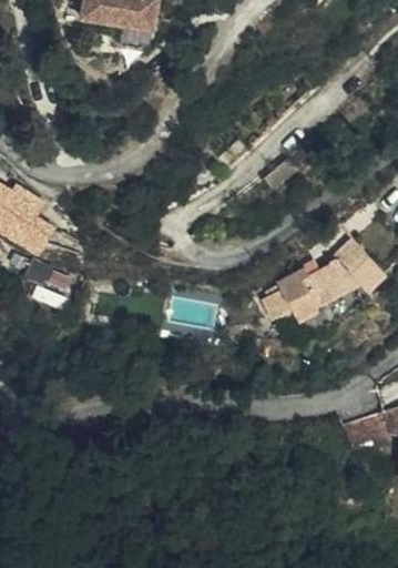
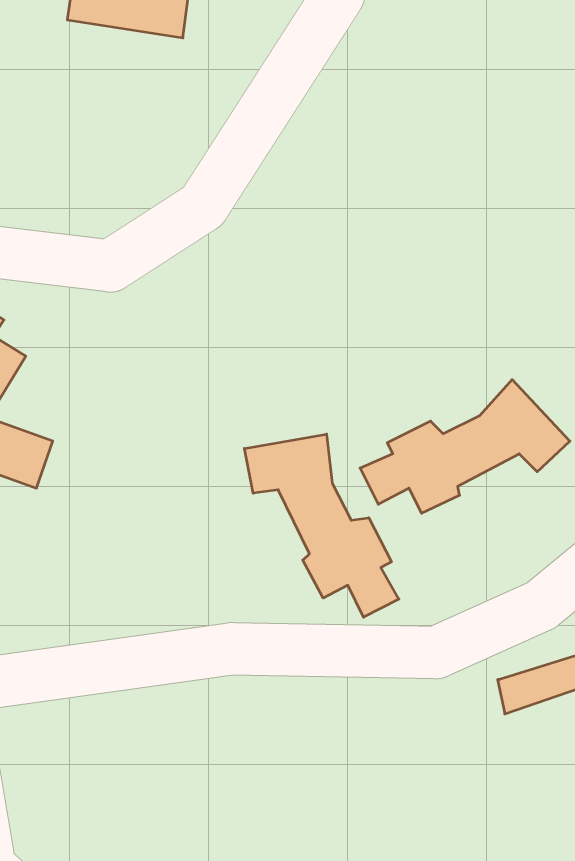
building: none -> [244,434,399,617]

